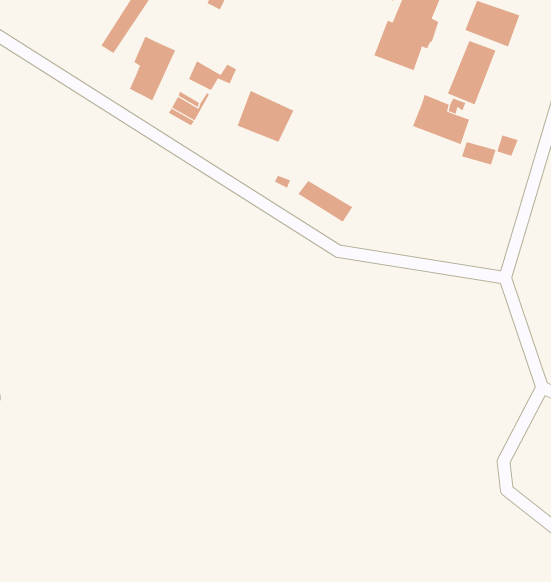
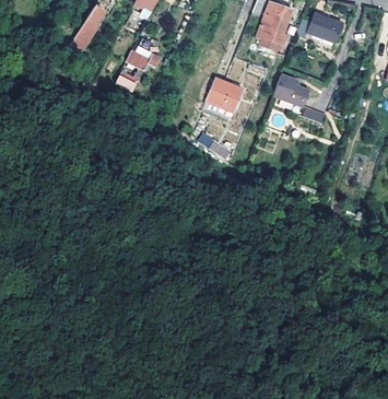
building: [129,36,176,101] -> none
building: [447,40,496,105] -> none
building: [237,90,294,143] -> [208,74,245,108]

